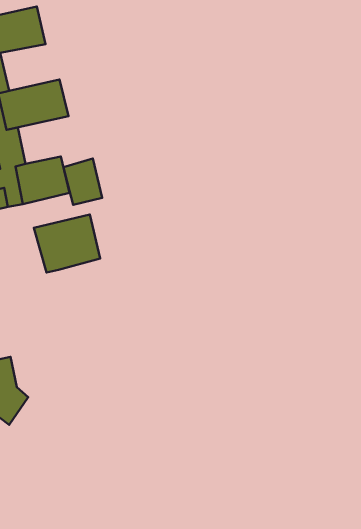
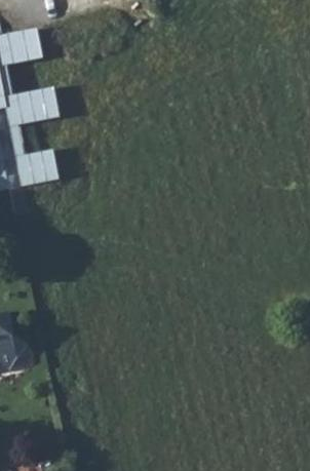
building: [63,159,102,205] -> none
building: [34,214,100,273] -> none

